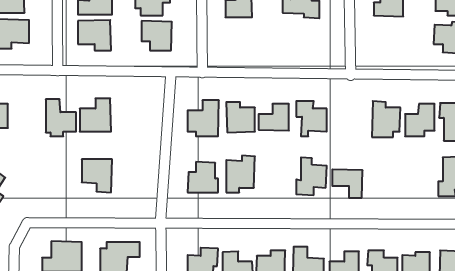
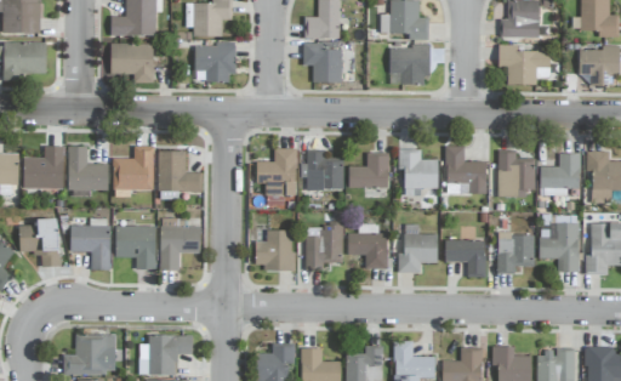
building: none -> [303,42,341,83]
building: none -> [498,44,551,85]
building: none -> [389,46,428,80]
building: none -> [23,146,63,188]
building: none -> [445,147,486,194]
building: none -> [158,150,203,192]
building: none -> [18,218,59,266]
building: none -> [69,218,110,269]
building: none -> [539,222,579,272]
building: none -> [347,223,388,268]
building: none -> [159,226,200,269]
building: none -> [497,233,534,273]

